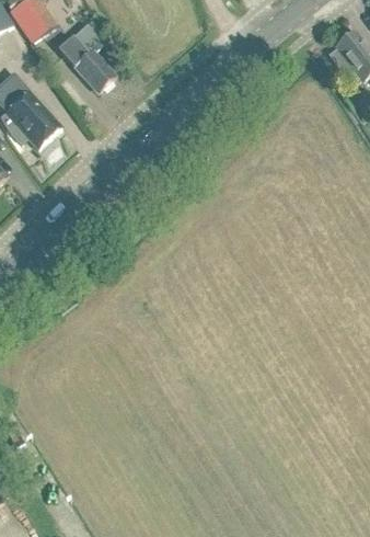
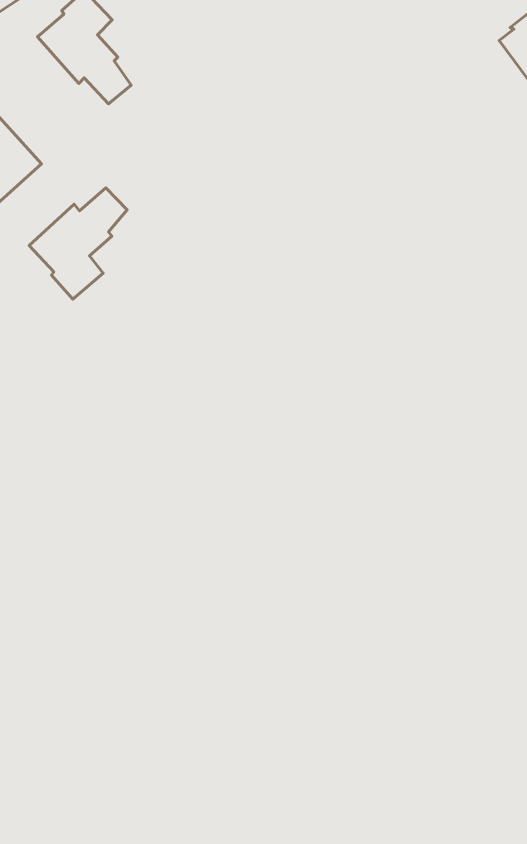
building: none -> [29,188,127,299]

